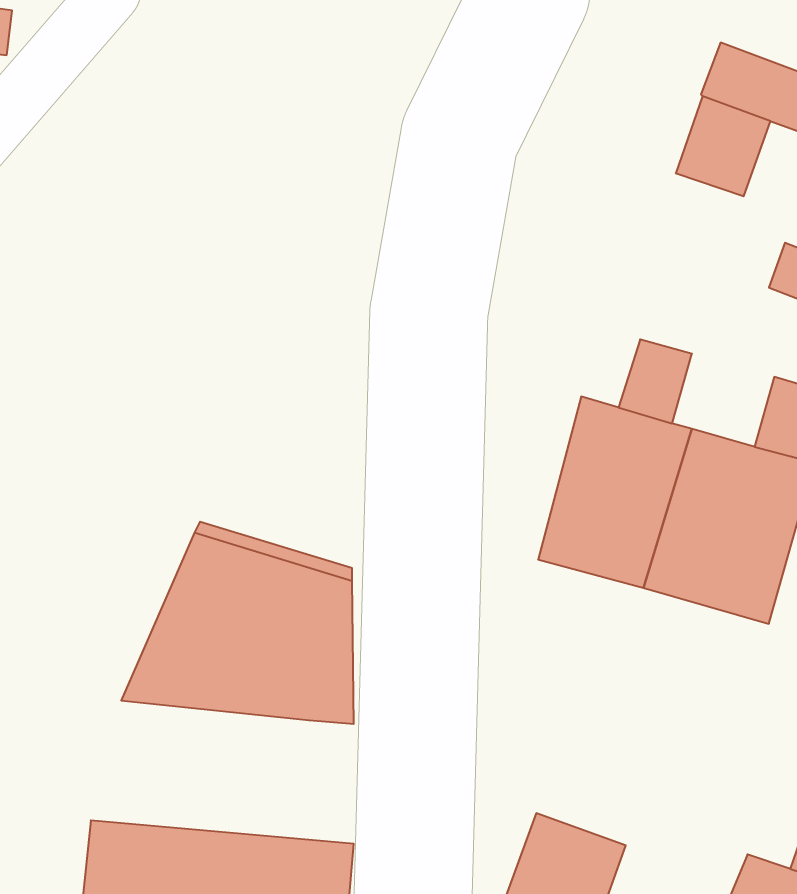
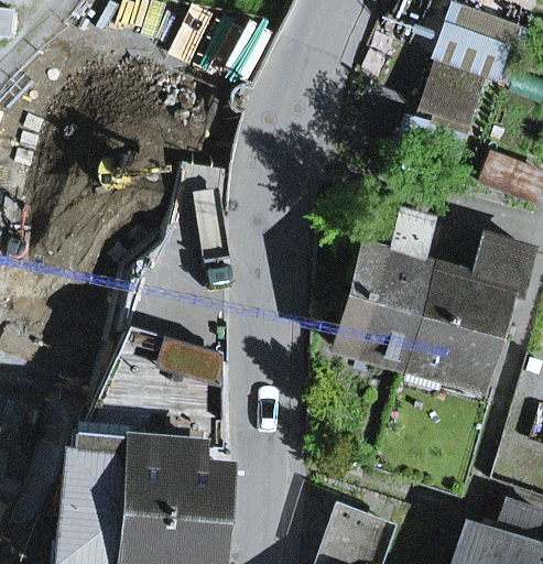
building: none -> [64,436,230,524]

